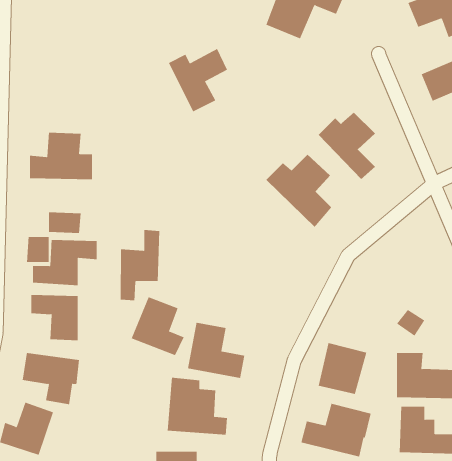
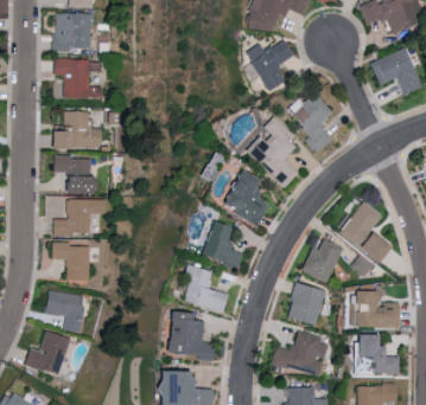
building: none -> [58,13,97,50]
building: [168,48,228,112] -> [244,38,293,90]
building: none -> [57,59,102,97]
building: none -> [52,156,93,173]
building: none -> [222,169,267,225]
building: [120,229,160,301] -> none
building: none -> [338,201,390,262]
building: none -> [300,238,343,282]
building: [131,297,184,356] -> [199,220,243,269]

